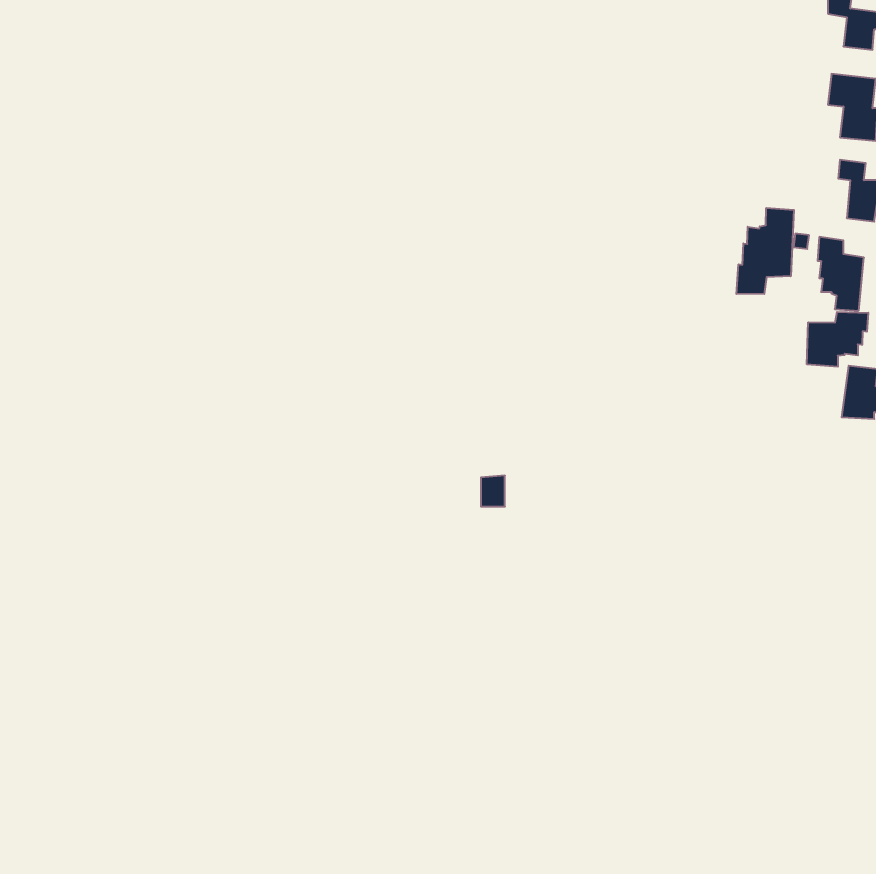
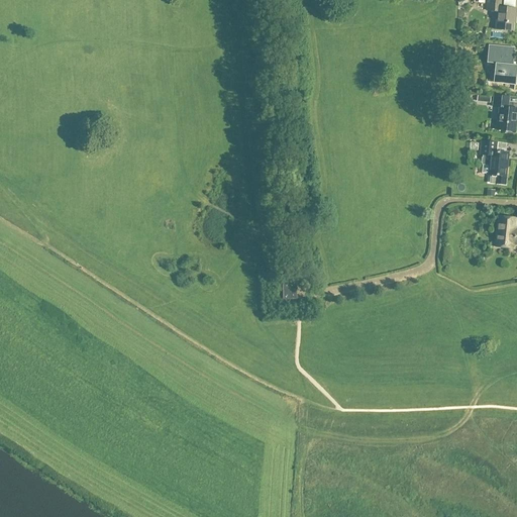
building: [736,208,794,294] -> none
building: [807,312,868,367] -> none

